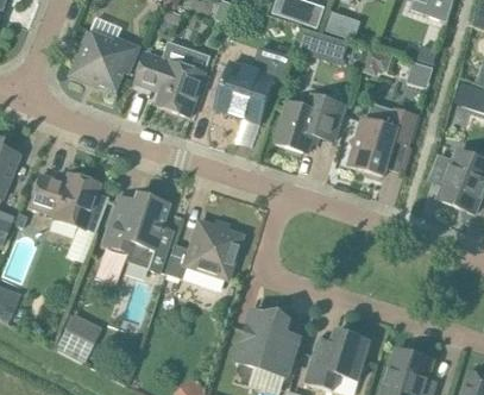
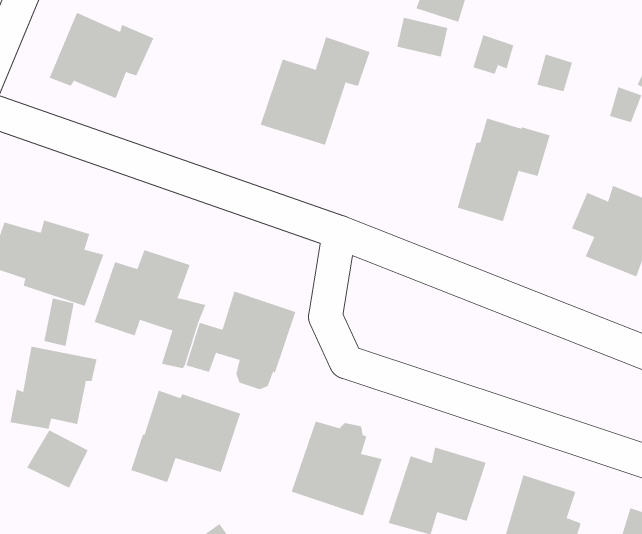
building: [136,40,208,115] -> none
building: [276,93,345,151] -> none
building: none -> [10,346,97,430]
building: none -> [131,390,241,483]

